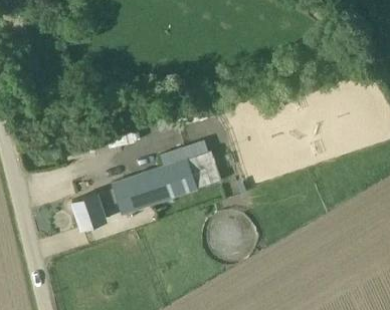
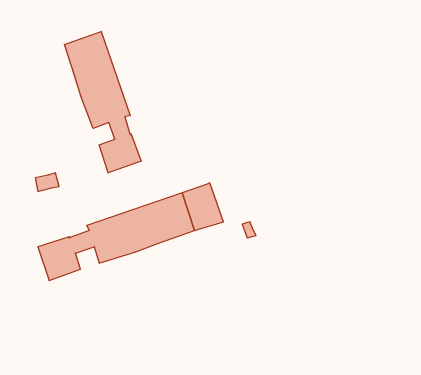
building: none -> [64,31,141,173]

